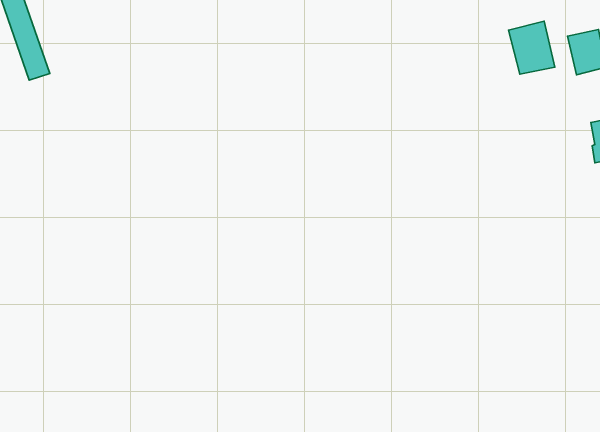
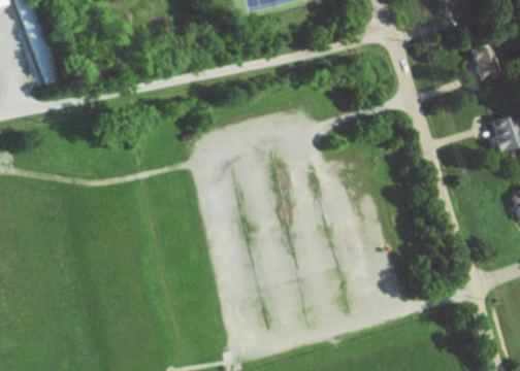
building: [508,21,555,74] -> none

